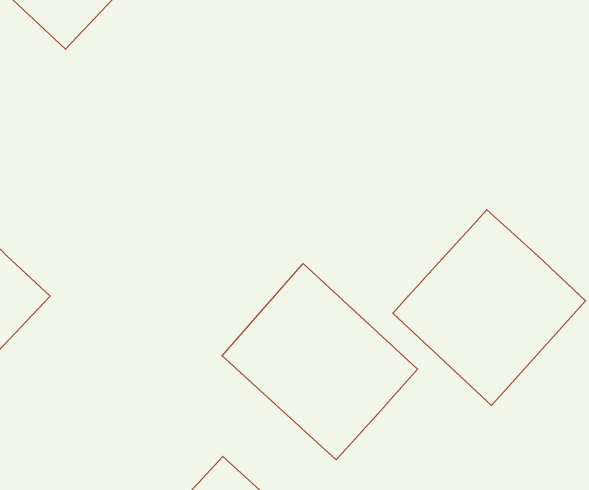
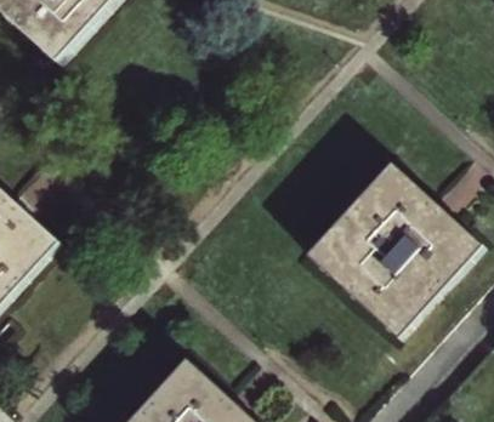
building: [222,264,418,460] -> none

